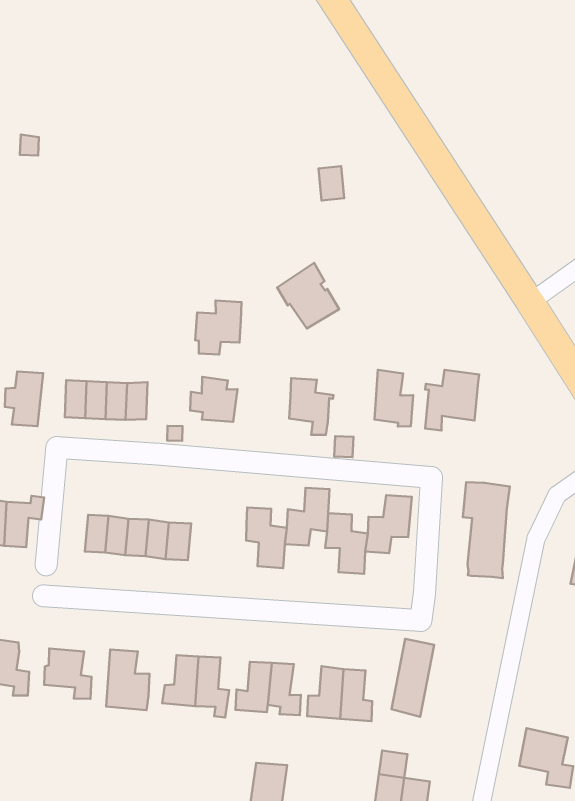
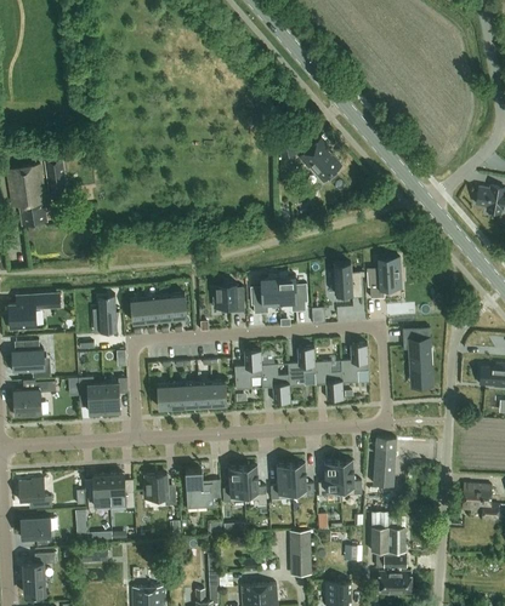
building: [277,263,339,329] -> [300,139,342,183]
building: [195,300,241,355] -> [250,278,280,315]
building: none -> [234,350,262,390]

